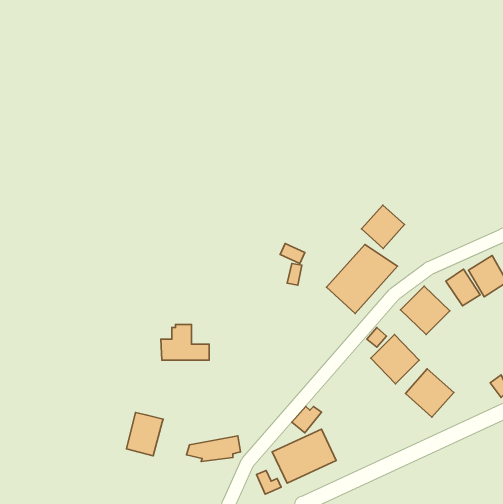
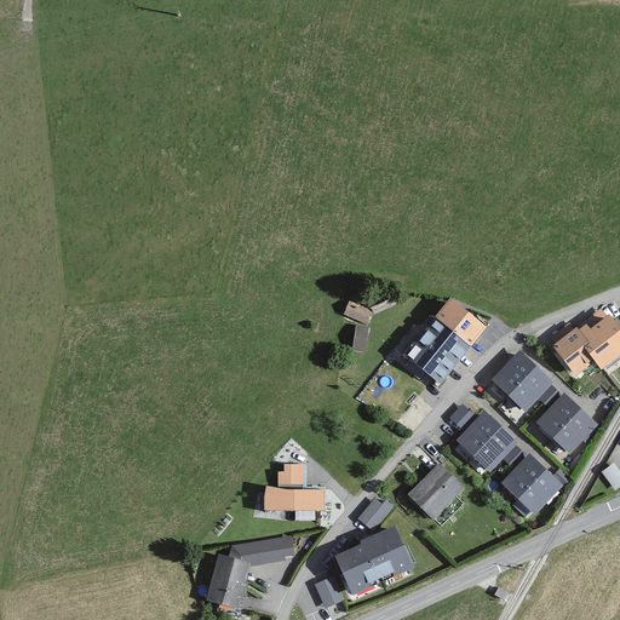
building: [362,205,404,248] -> none
building: none -> [538,394,599,454]
building: [161,324,209,360] -> [266,466,326,510]
building: none -> [406,461,466,521]
building: [127,412,163,456] -> [205,555,249,608]

